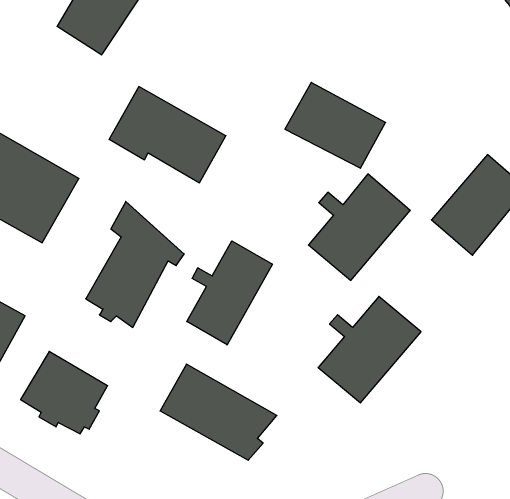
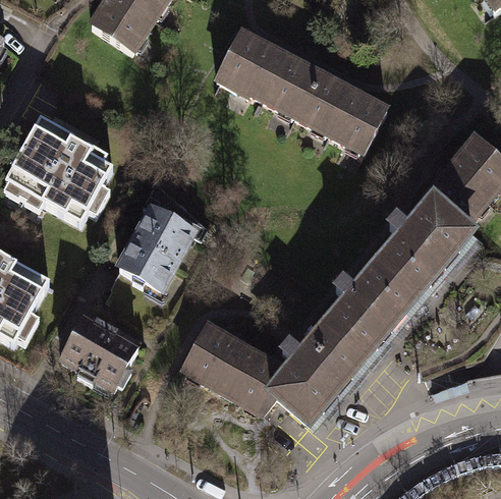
building: [109,87,226,183] -> [214,32,318,117]
building: [308,174,410,280] -> [378,203,468,297]
building: [187,241,272,345] -> none
building: none -> [270,329,361,424]

